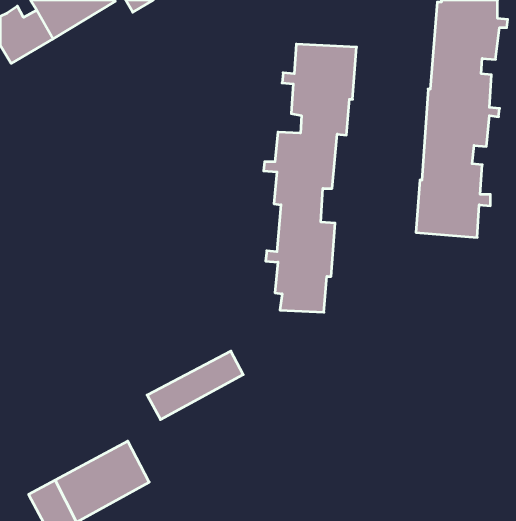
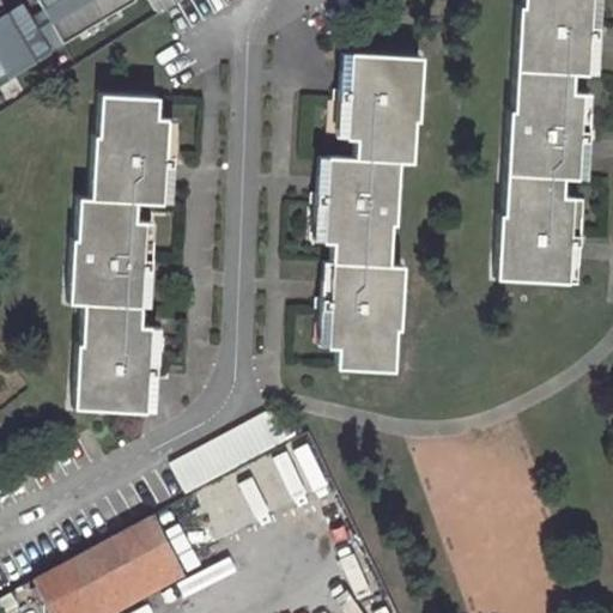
building: none -> [74,98,177,411]

